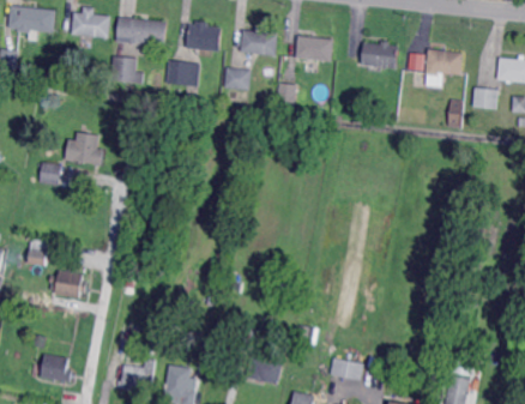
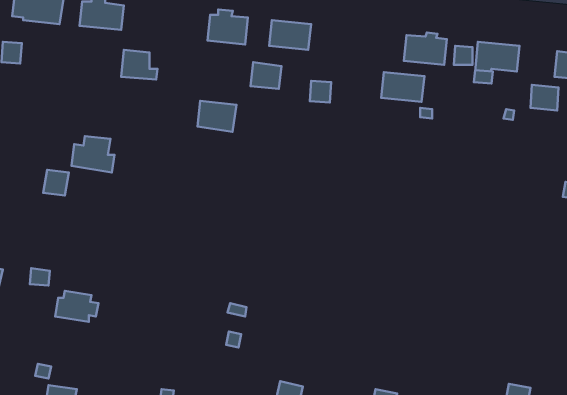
building: [116,16,167,43] -> none
building: [296,35,334,61] -> [381,72,424,102]
building: [165,60,200,88] -> [198,101,237,132]

